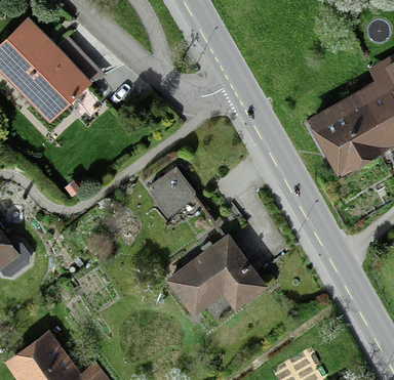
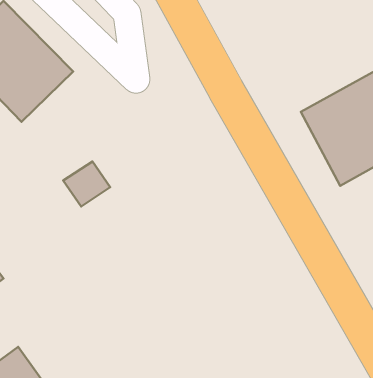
building: [148,174,191,215] -> [63,162,110,206]
building: [168,225,275,312] -> none

